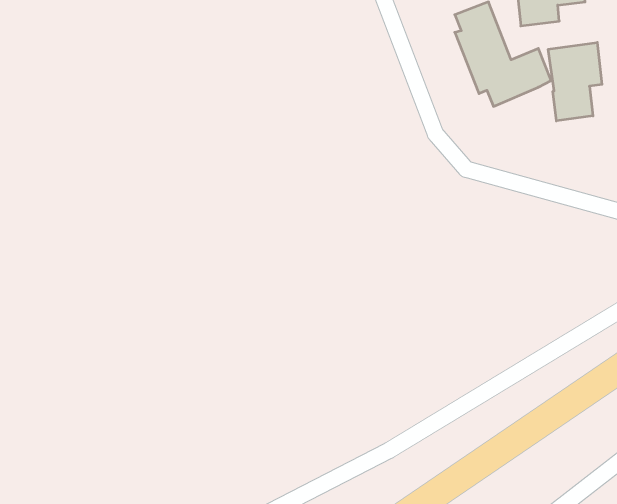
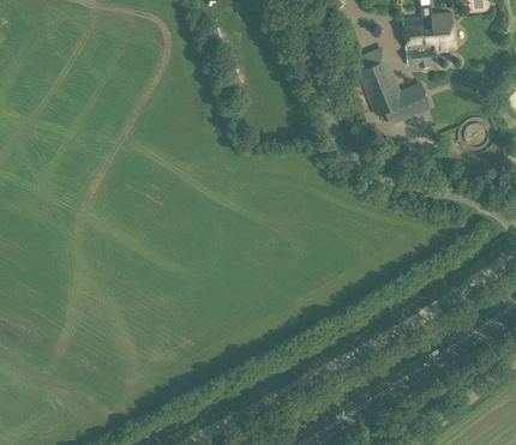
building: [548,42,602,121] -> none

